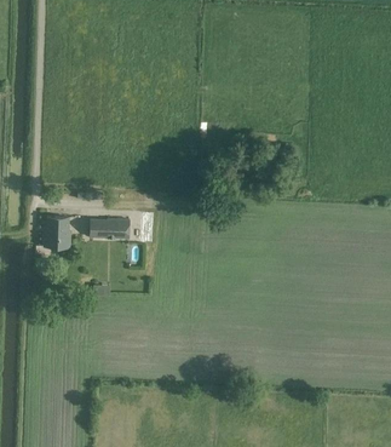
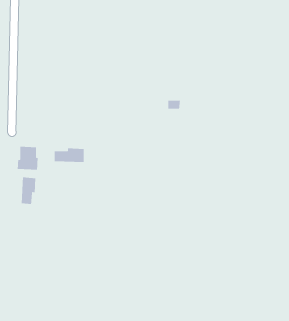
building: none -> [21,177,36,205]

